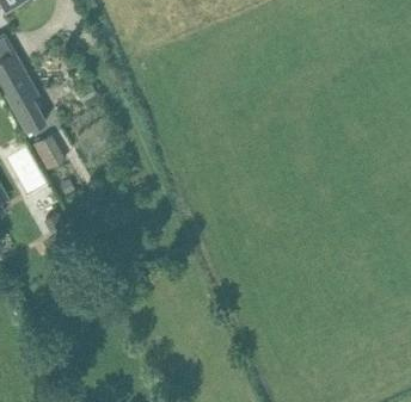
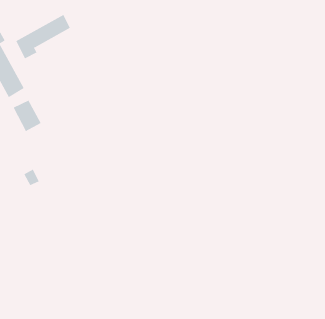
building: none -> [15,14,71,59]

